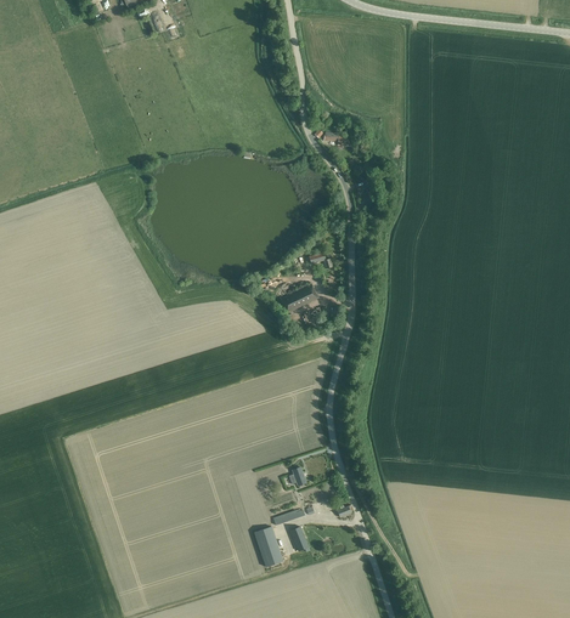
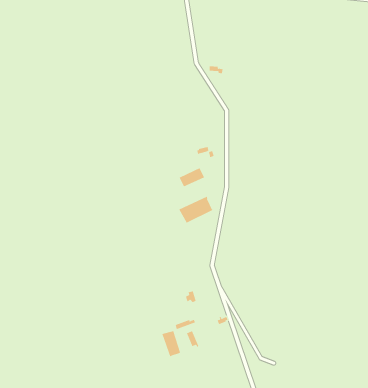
building: none -> [178,196,214,224]

